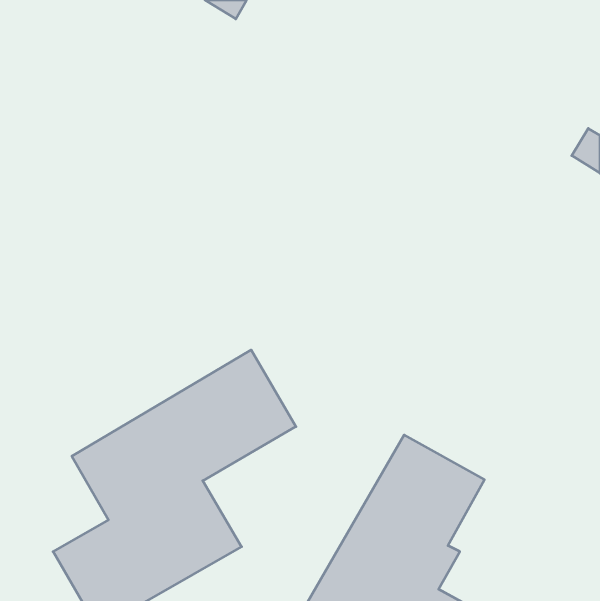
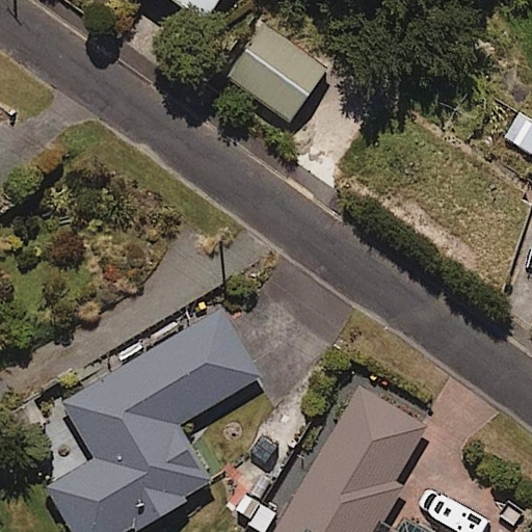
building: none -> [228,26,325,122]

